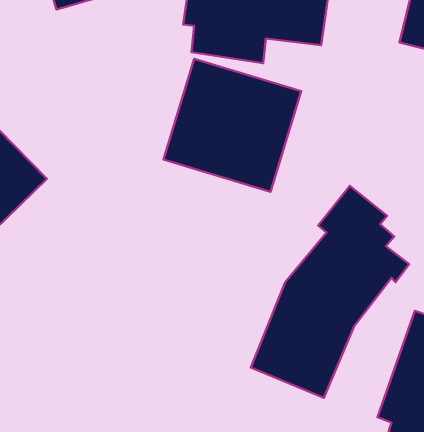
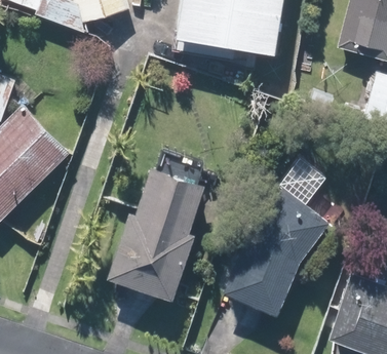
building: [163,59,301,192] -> none
building: none -> [108,166,204,299]

